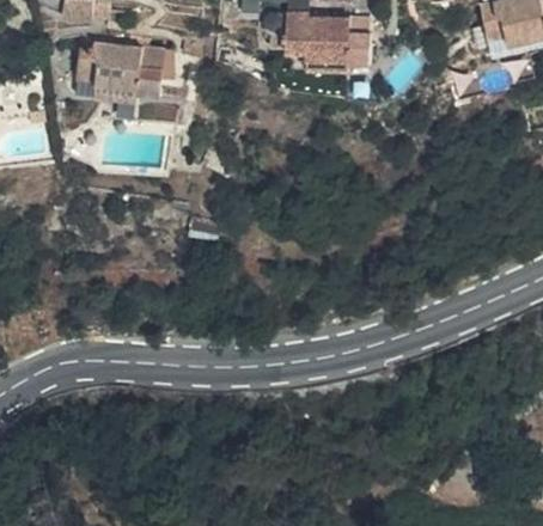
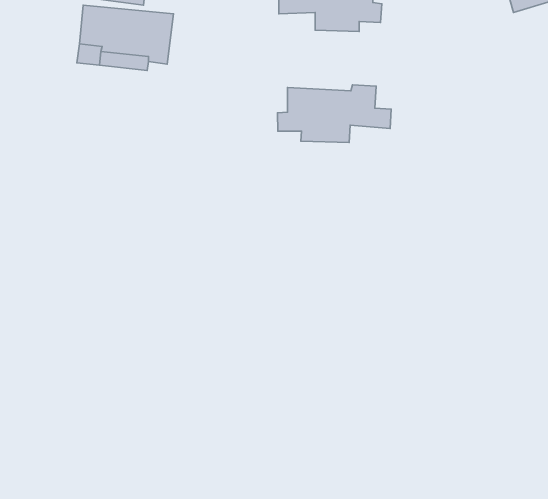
building: none -> [278,85,391,142]

